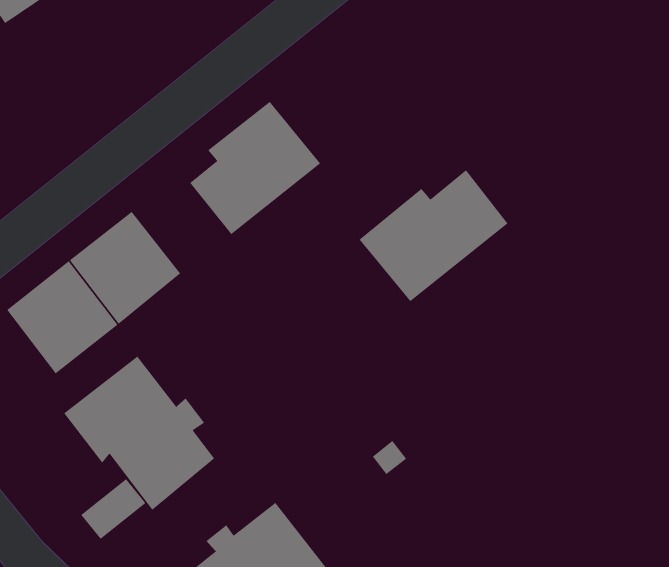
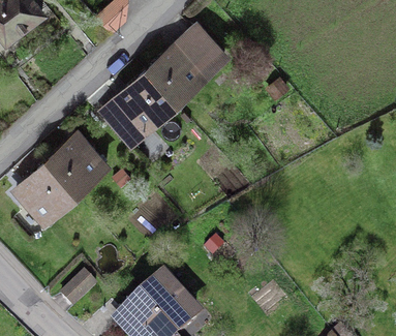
building: [359,169,508,302] -> [147,28,224,99]
building: [63,355,215,511] -> none

